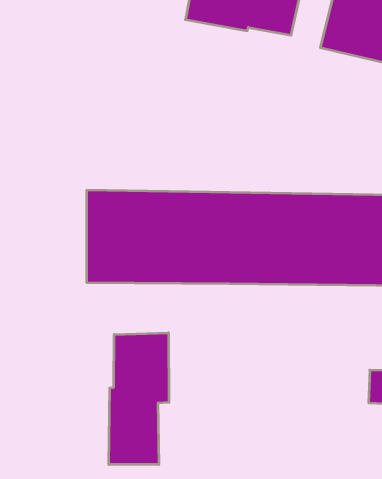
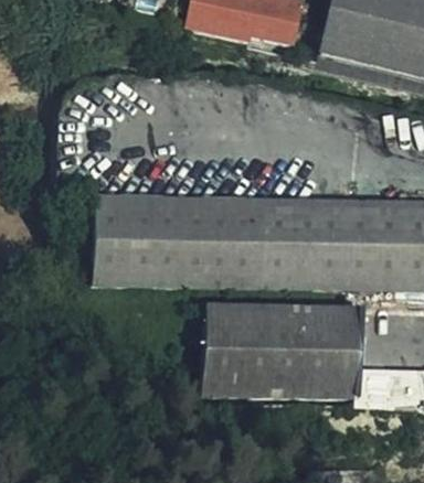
building: none -> [203,303,361,394]
building: [109,333,169,465] -> none

